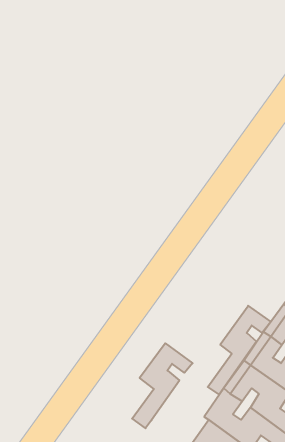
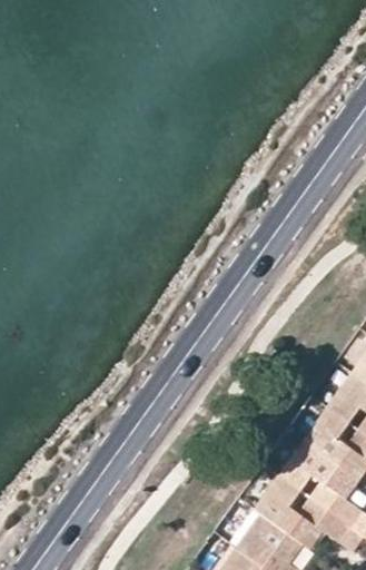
building: [208,306,271,395] -> none
building: [132,343,193,428] -> none

